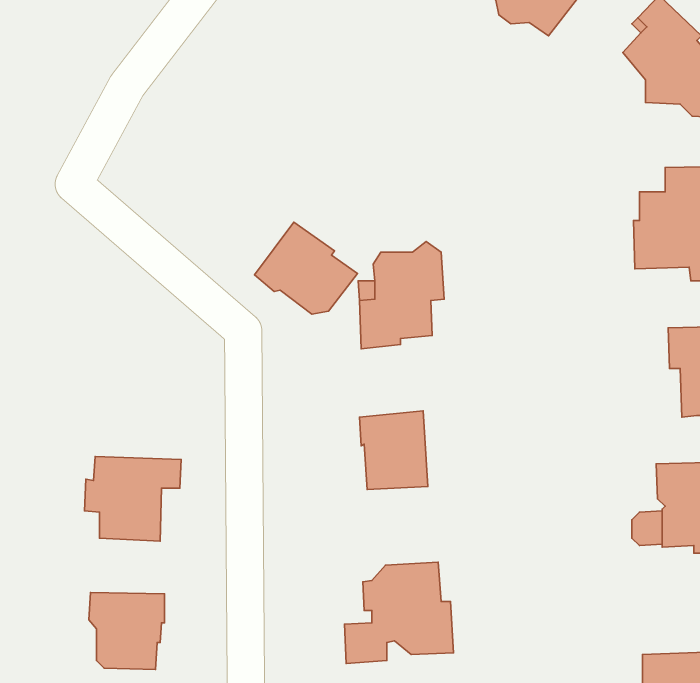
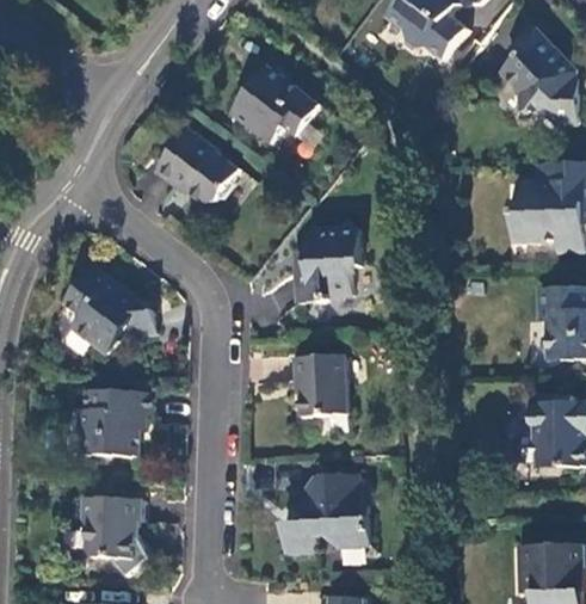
building: none -> [229,64,316,141]
building: [255,222,357,314] -> [156,127,238,199]
building: none -> [63,265,154,352]

